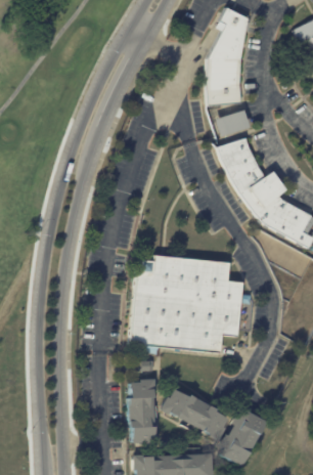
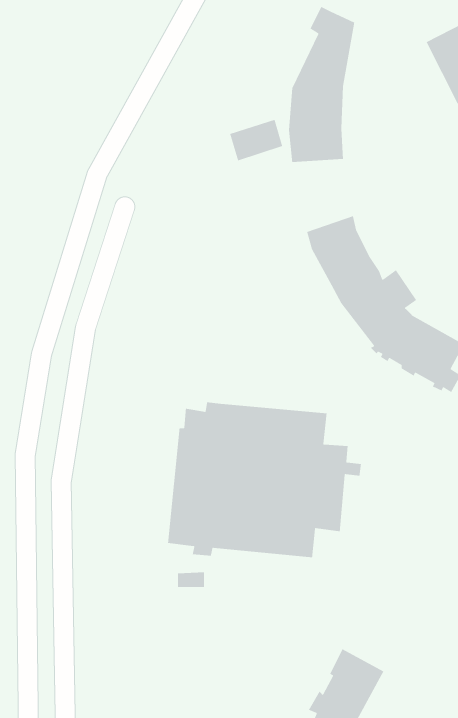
building: [216,110,250,136] -> [229,119,283,161]
building: [129,379,158,446] -> none
building: [160,389,227,440] -> none

